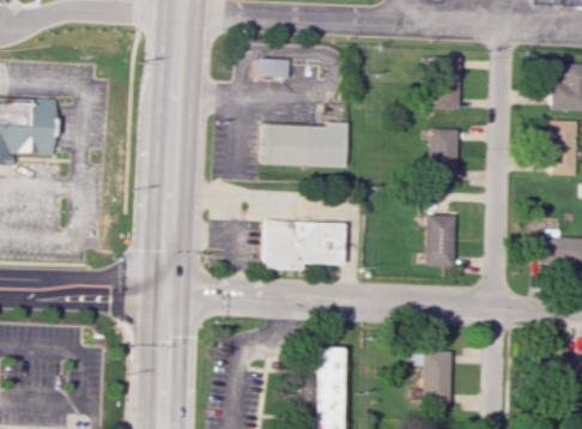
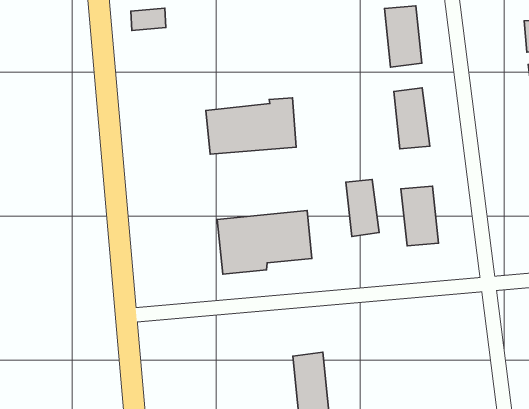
building: [255,62,286,80] -> [131,8,166,30]
building: none -> [346,179,379,237]
building: [412,351,451,401] -> none

